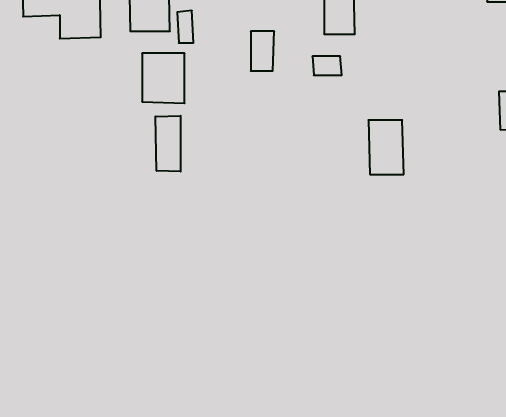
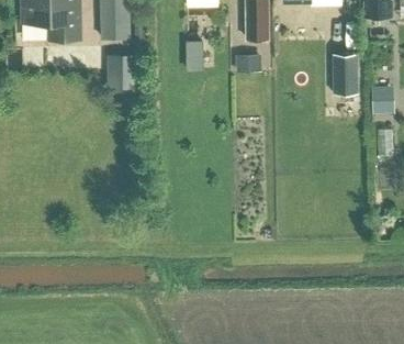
building: [155,116,181,172] -> none
building: [368,120,404,174] -> [332,53,358,93]

